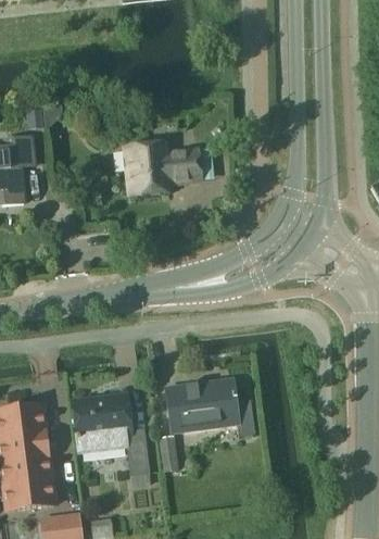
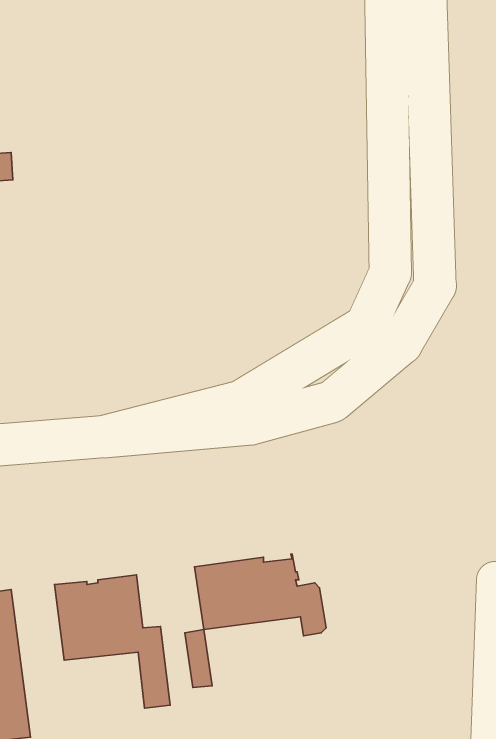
building: [124,142,201,195] -> none

